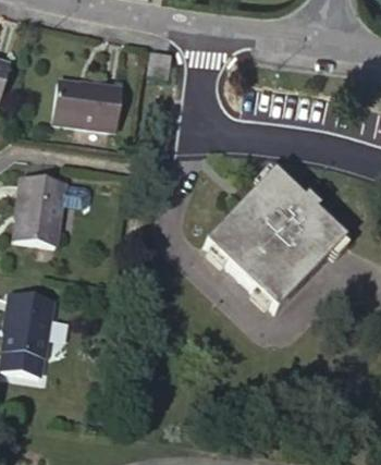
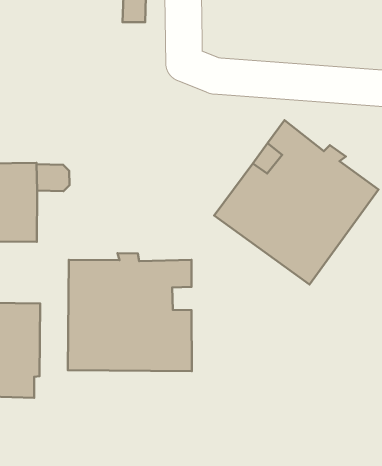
building: [53,78,122,127] -> none
building: none -> [68,253,192,371]

